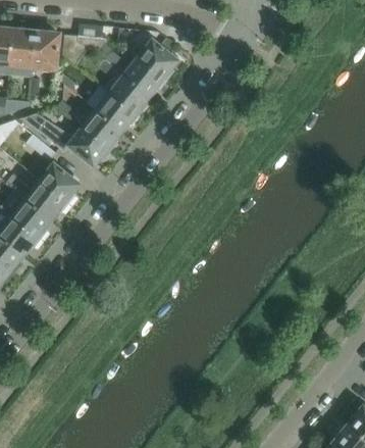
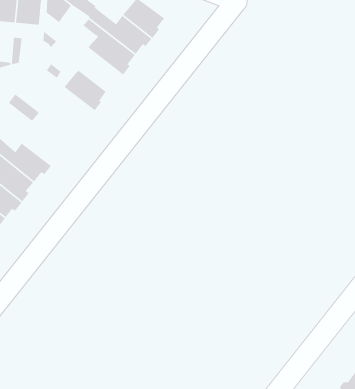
building: [86,86,138,132] -> none
building: [27,114,109,167] -> none
building: [39,163,80,204] -> none

